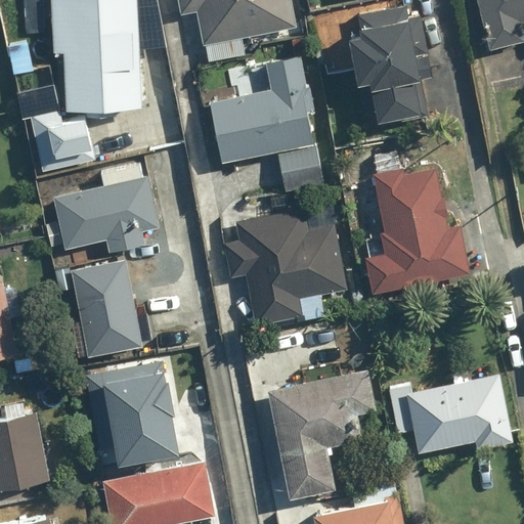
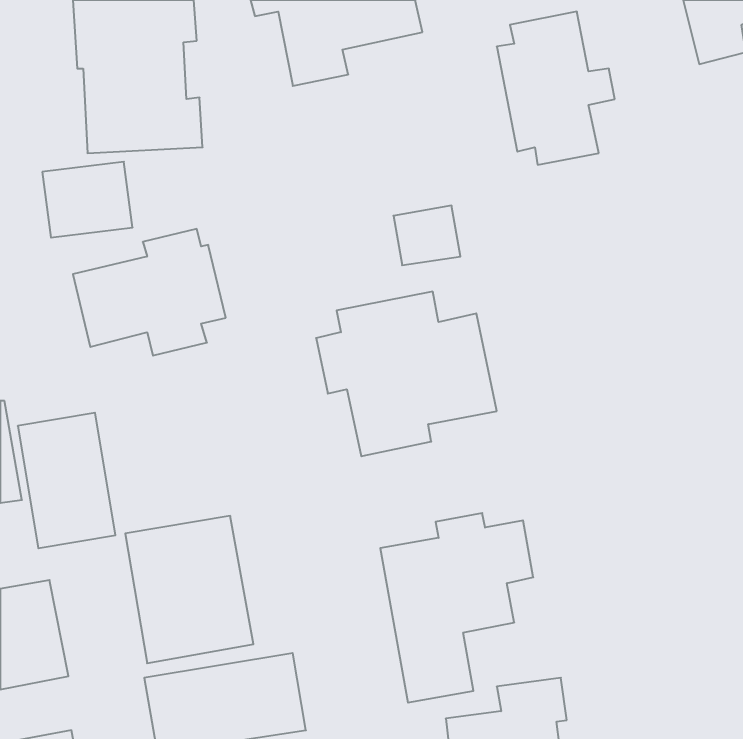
building: [212,54,315,161] -> none
building: [366,170,467,291] -> none
building: [73,266,141,361] -> [18,413,115,548]
building: [387,376,514,452] -> none

